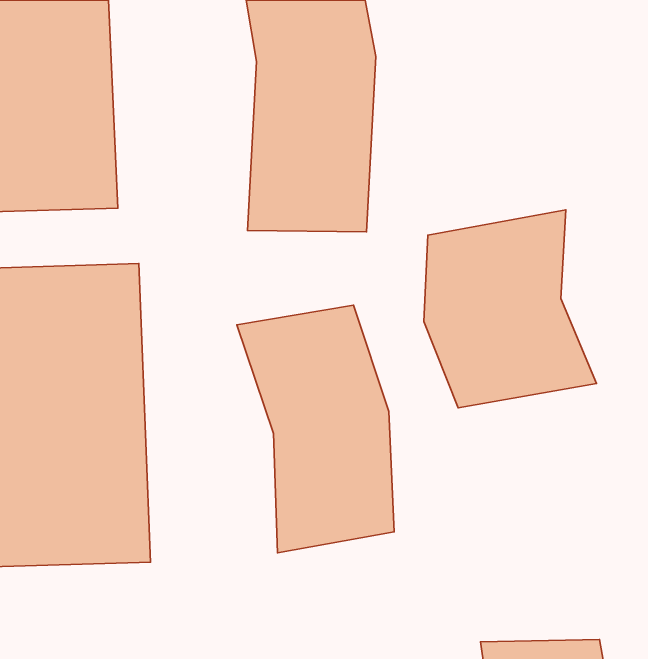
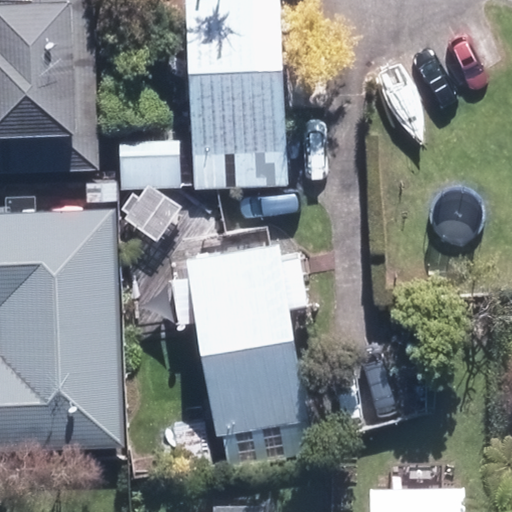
building: [424,210,597,408] -> none

